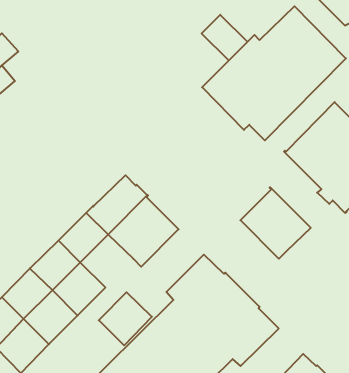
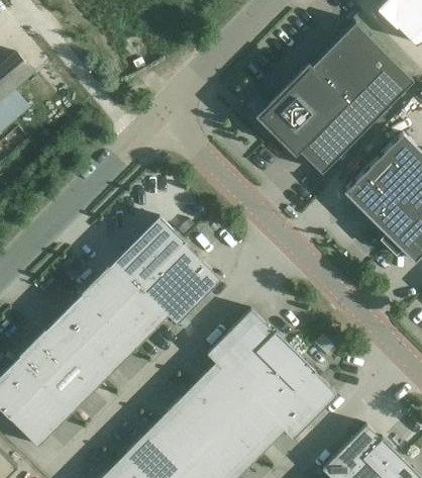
building: [202,15,247,61] -> none
building: [240,187,311,259] -> none
building: [99,292,152,345] -> [107,287,169,349]

